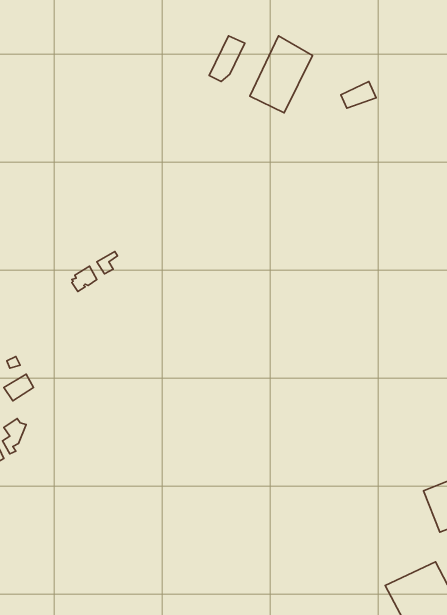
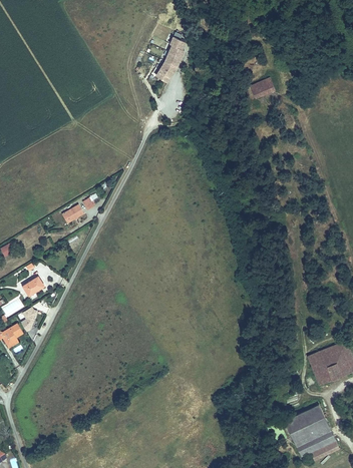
building: [250,36,312,113] -> none

